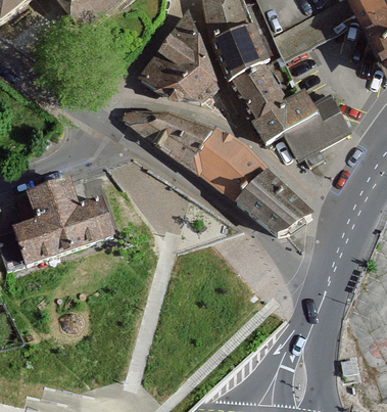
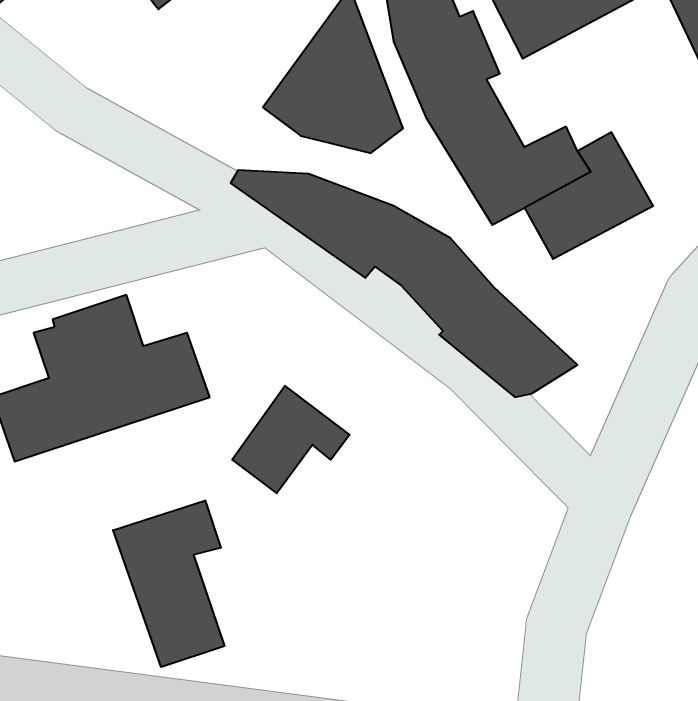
building: none -> [232,386,350,493]
building: none -> [113,500,225,667]

